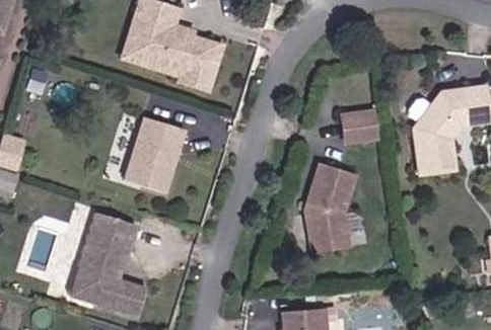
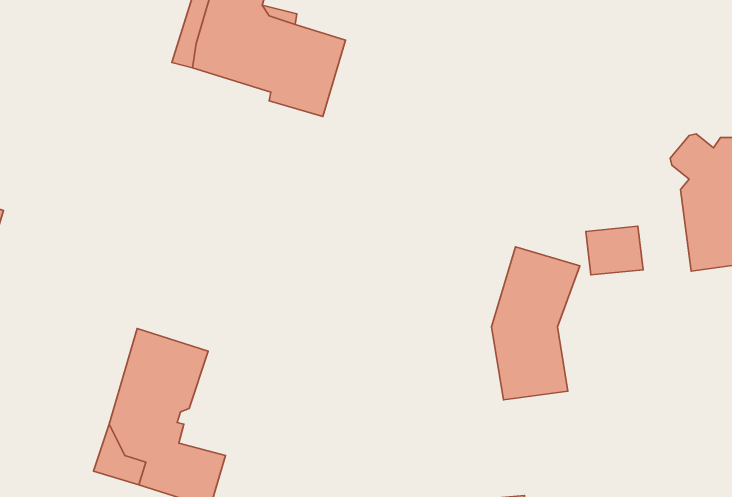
building: [346,113,379,142] -> [586,226,643,275]
building: [124,114,184,190] -> none

